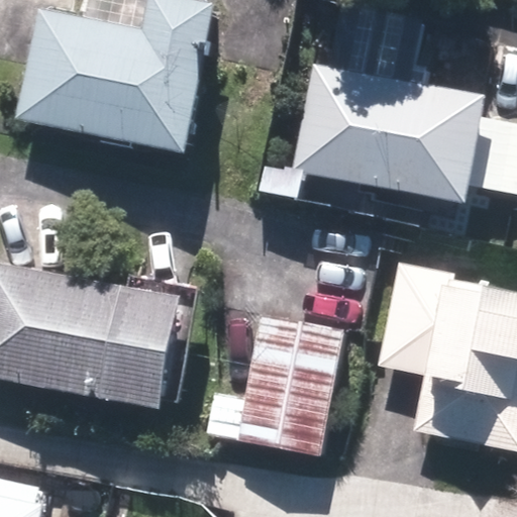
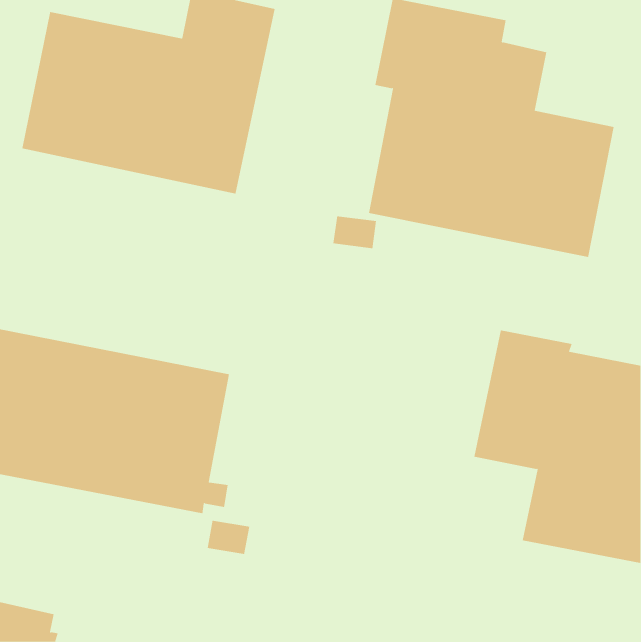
building: [205,314,343,455] -> none

